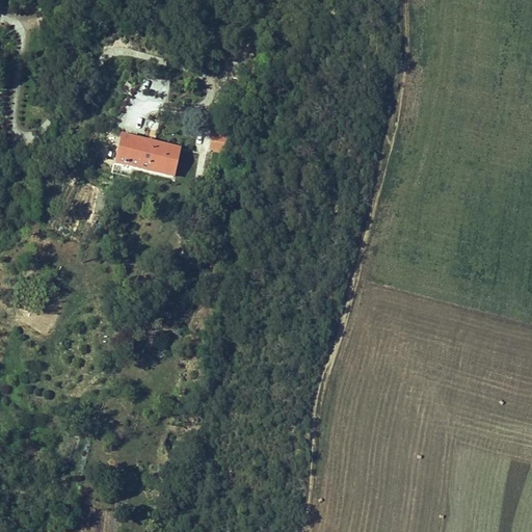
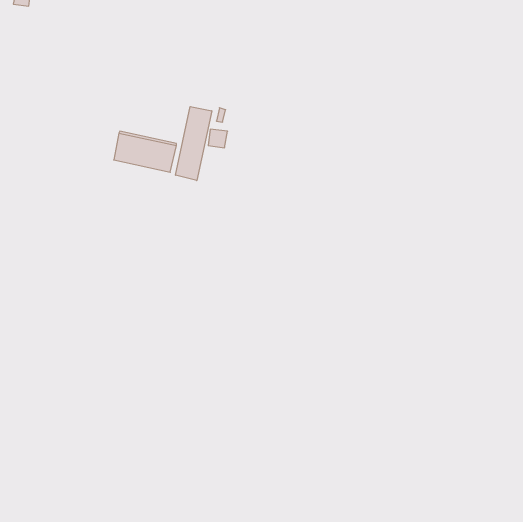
building: none -> [176,107,212,181]

